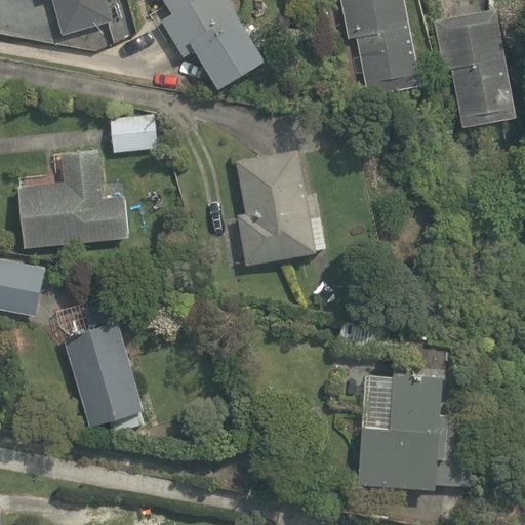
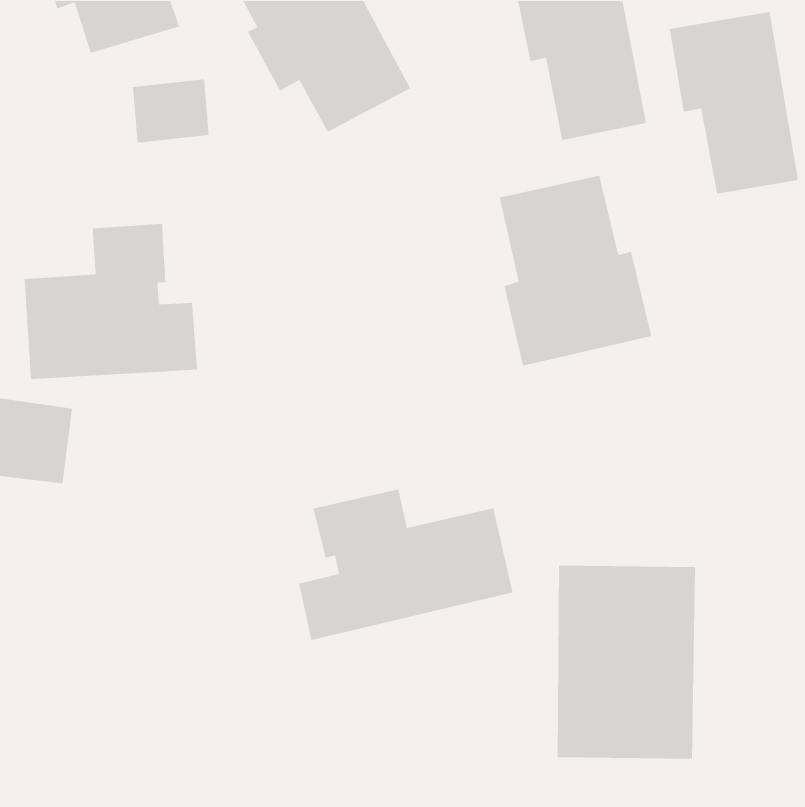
building: [107,110,157,152] -> [132,79,210,144]
building: [233,143,332,267] -> [499,175,652,366]
building: [51,294,142,426] -> none
building: none -> [298,488,513,641]

